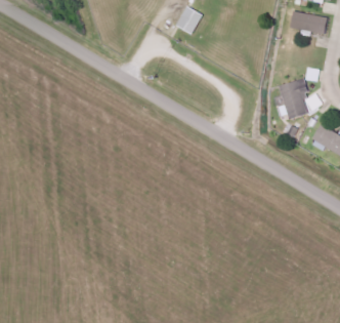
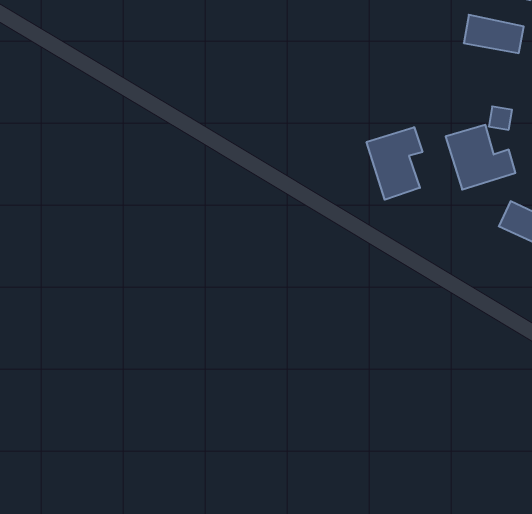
building: [176,6,202,34] -> none
building: none -> [367,127,422,200]

